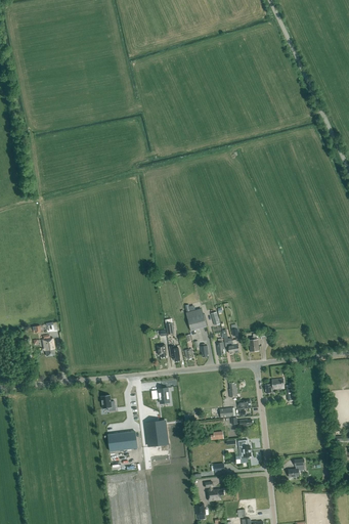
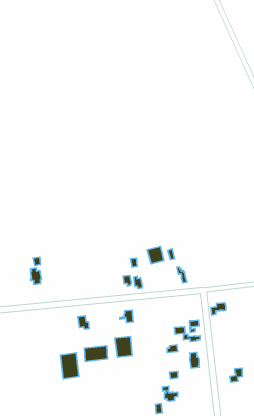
building: none -> [60,353,79,379]

